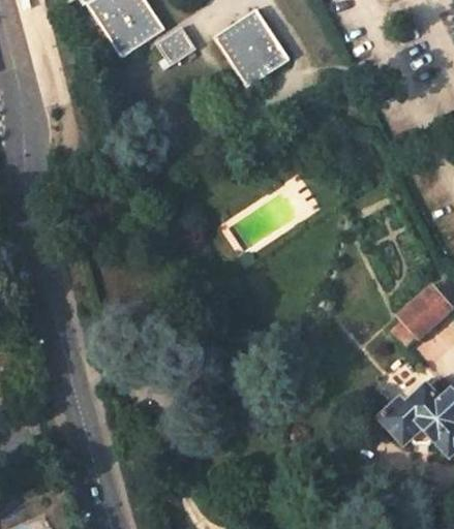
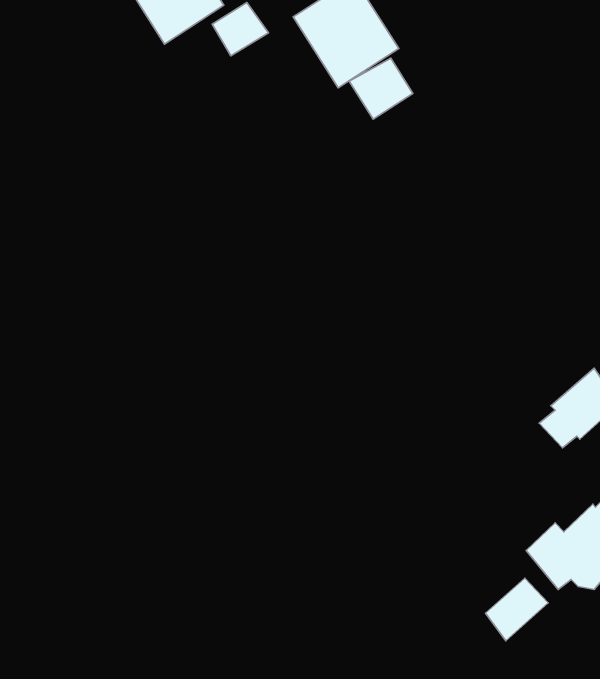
building: none -> [349,58,413,119]
building: none -> [485,578,548,641]

